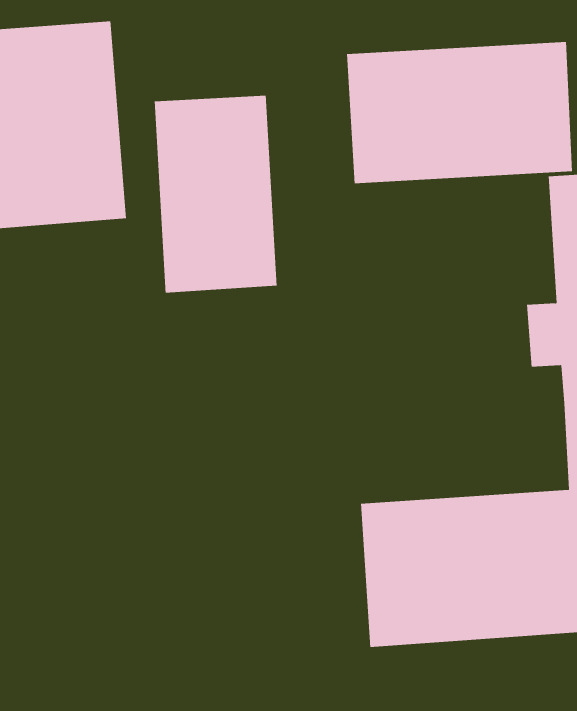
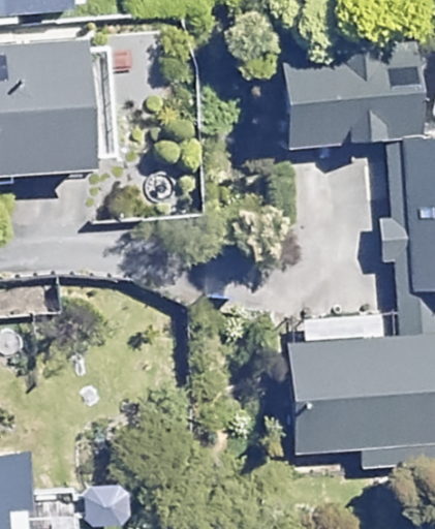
building: [154,95,277,293] -> none

